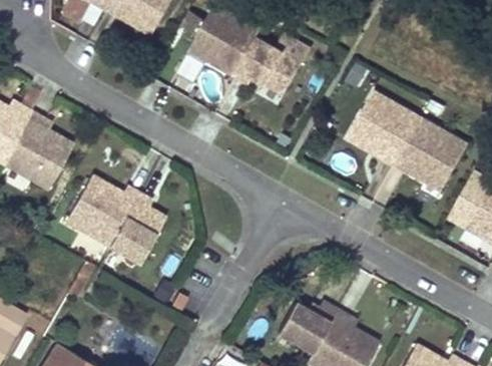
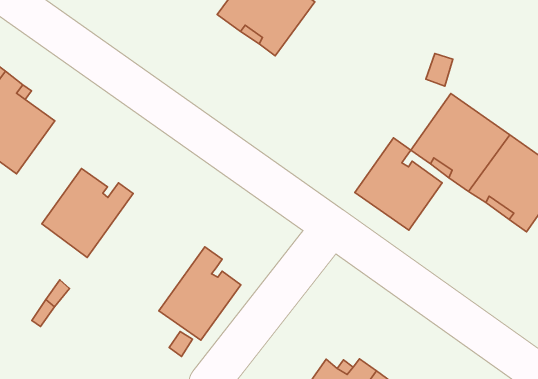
building: [232,38,298,93] -> none
building: none -> [355,138,442,230]
building: [105,191,165,262] -> [159,247,241,340]

